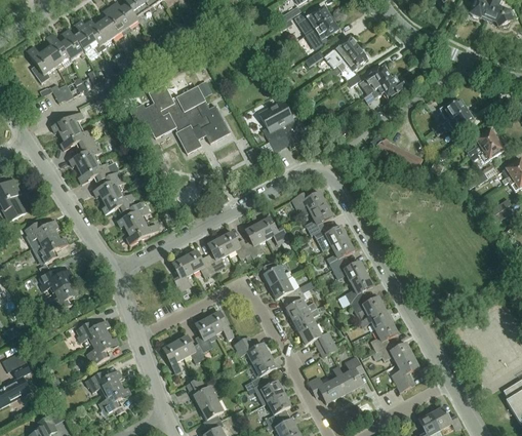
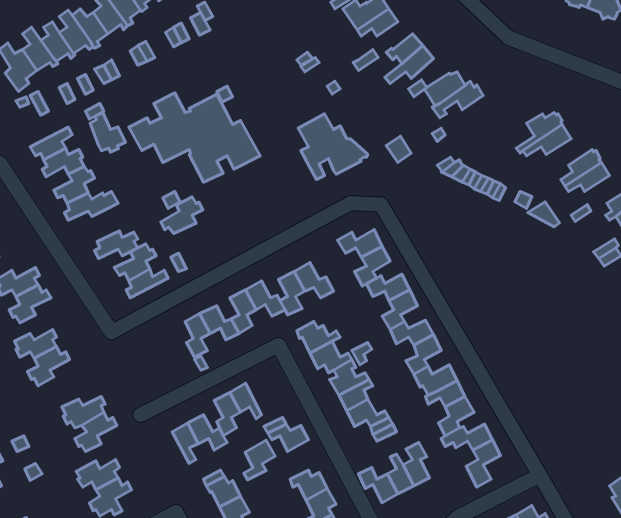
building: none -> [90,112,126,152]
building: [93,171,126,200] -> [161,197,203,234]
building: [251,355,276,386] -> [244,440,275,480]

